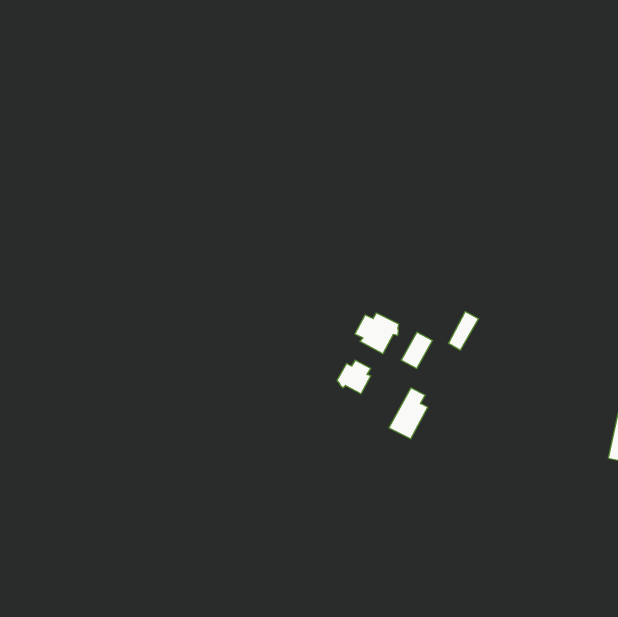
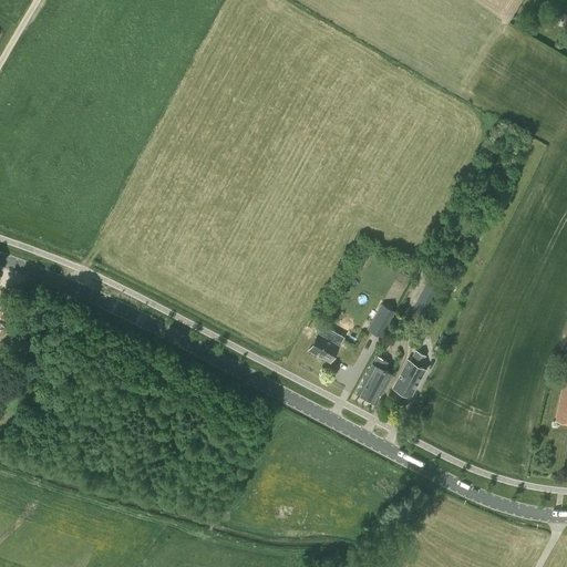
building: [355,313,399,354] -> none
building: none -> [395,352,426,396]

